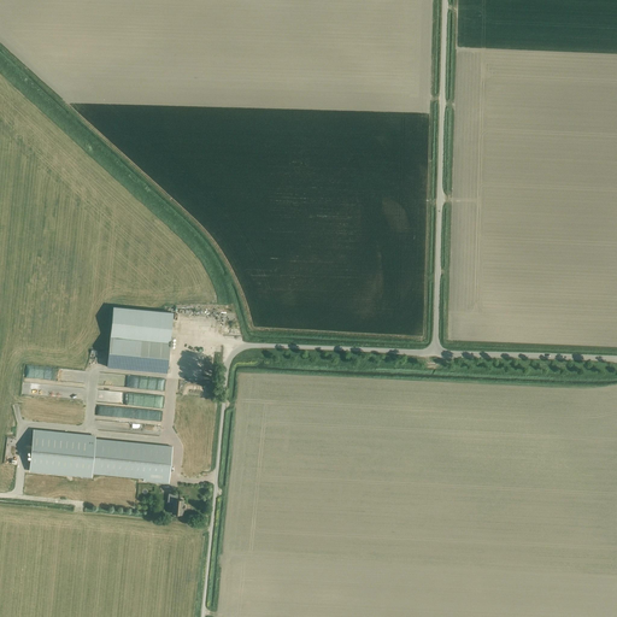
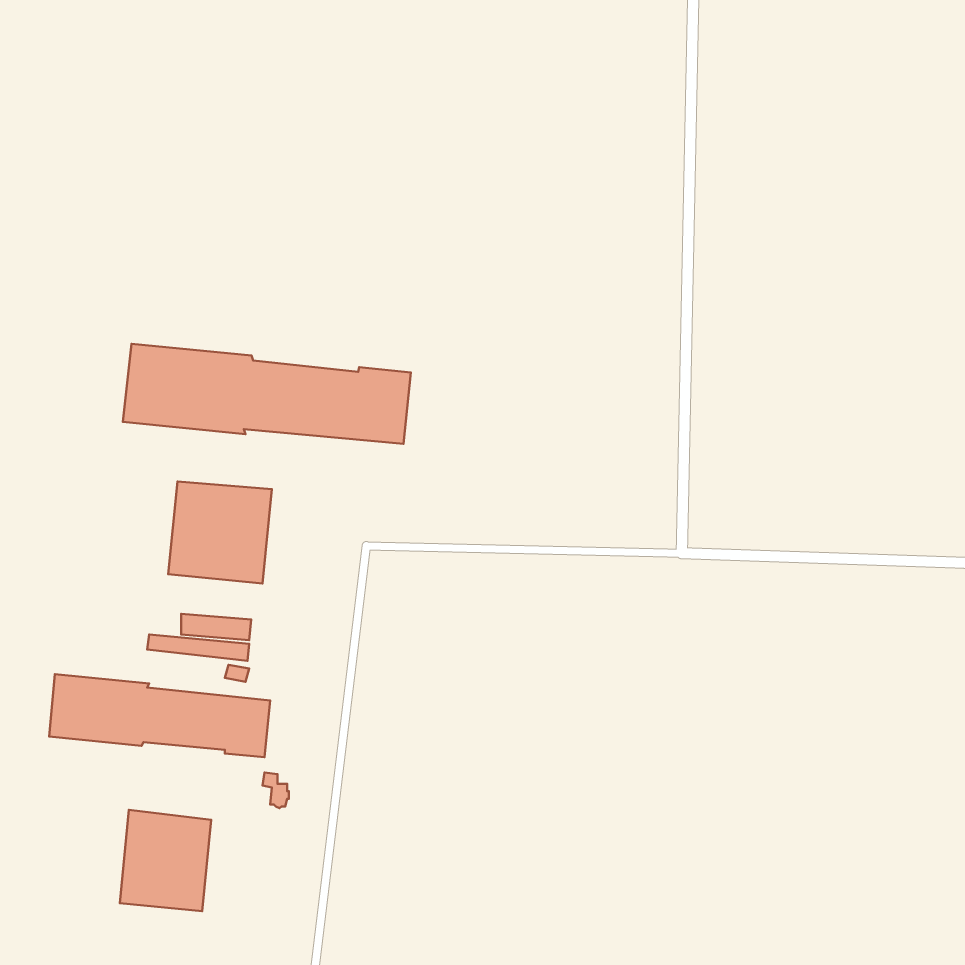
building: none -> [123,344,411,444]
building: none -> [120,810,211,911]

